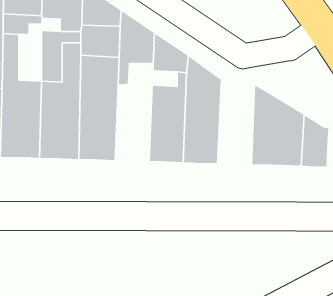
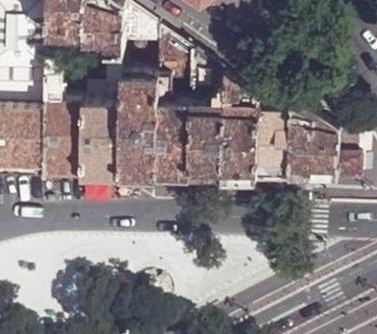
building: none -> [243,86,279,182]
building: none -> [144,104,180,179]

